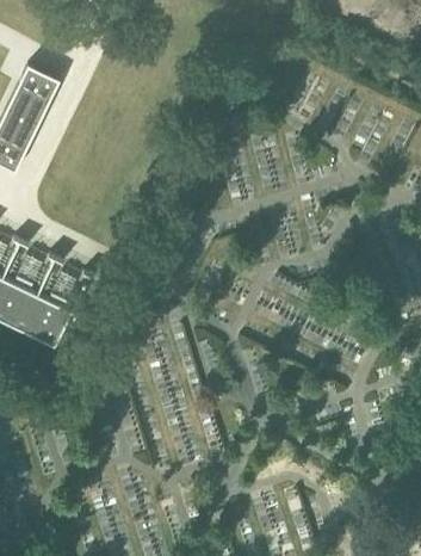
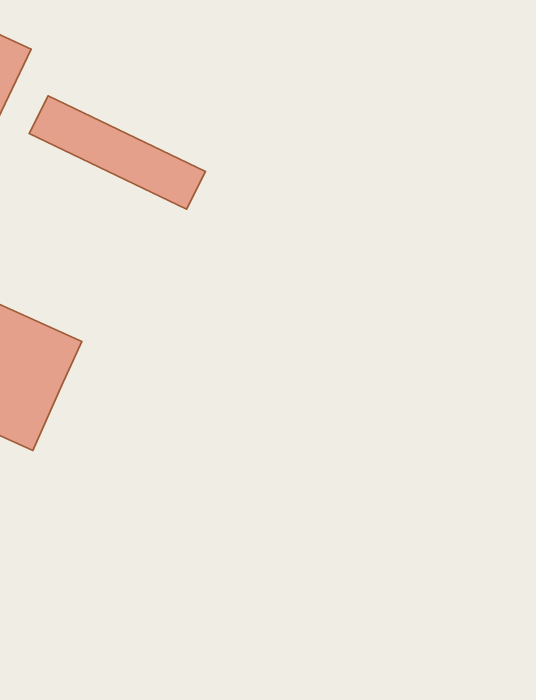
building: none -> [29,96,205,209]

